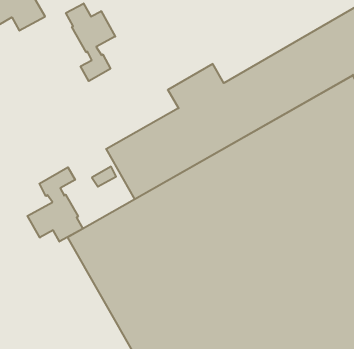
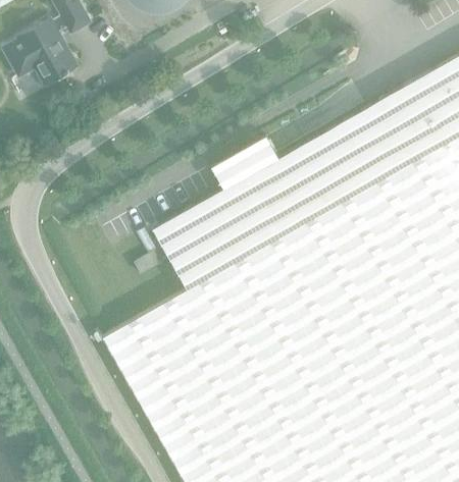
building: [66,3,115,81] -> none
building: [27,167,83,242] -> none

